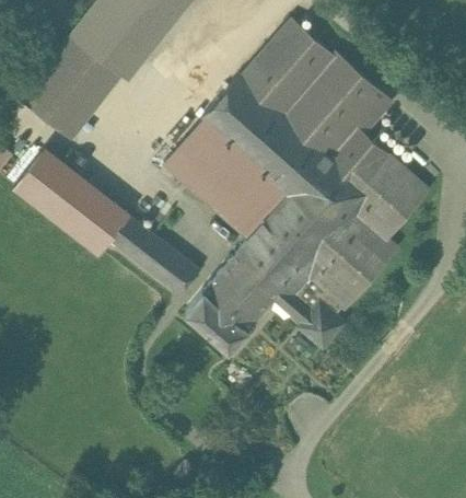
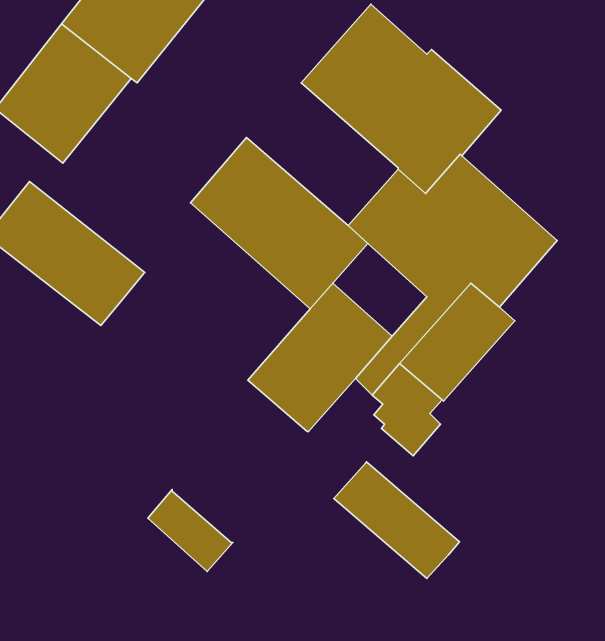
building: [203,77,313,182] -> none
building: [266,195,334,262] -> none
building: [109,217,200,297] -> none
building: [187,292,248,351] -> [148,490,233,571]
building: none -> [334,462,460,578]

